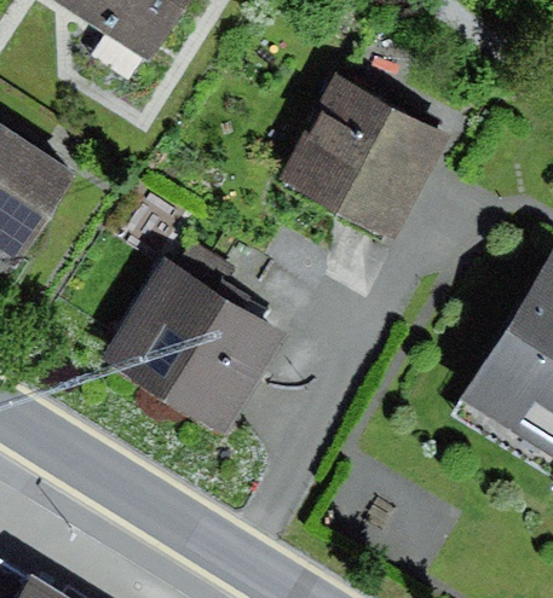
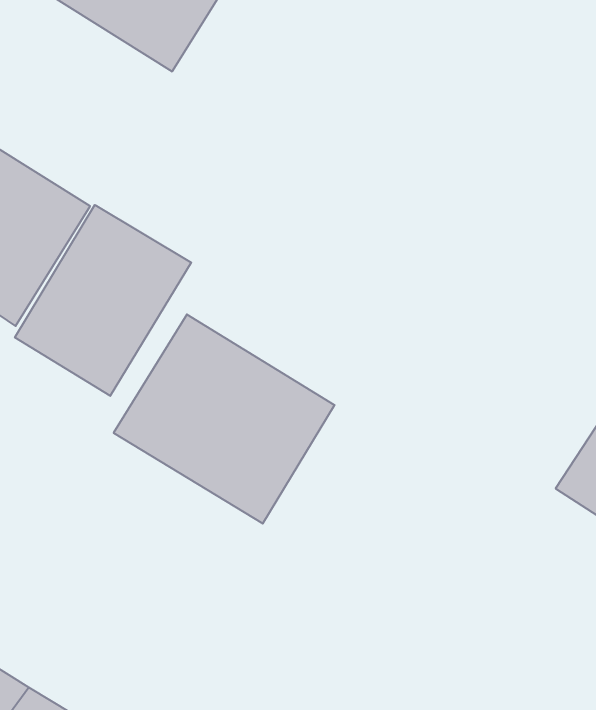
building: [278,76,443,238] -> none
building: none -> [15,205,191,396]

